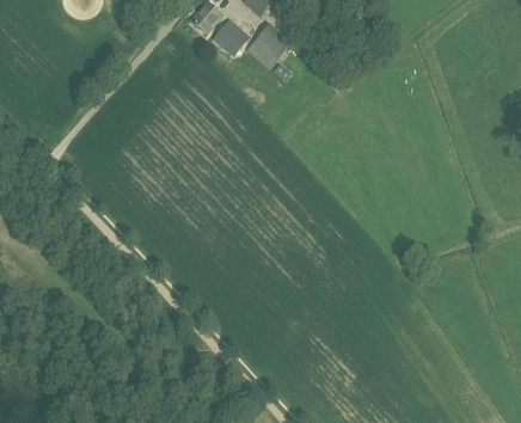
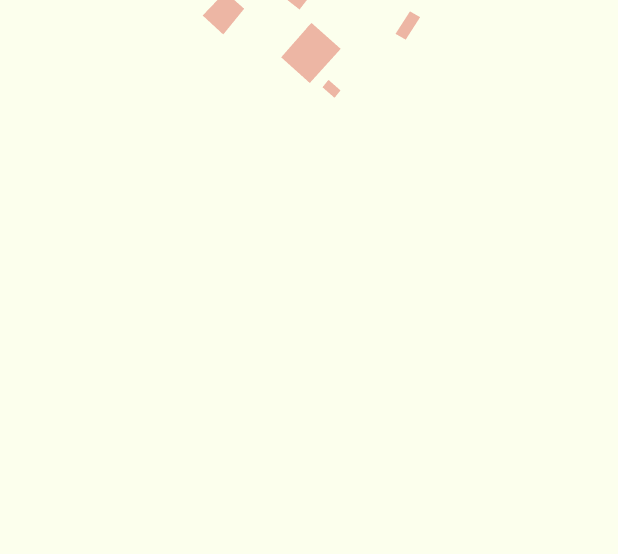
building: [213,20,247,55] -> none

